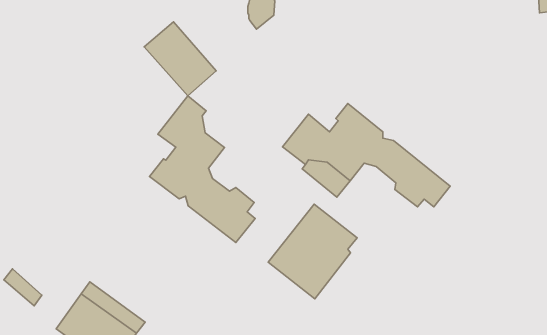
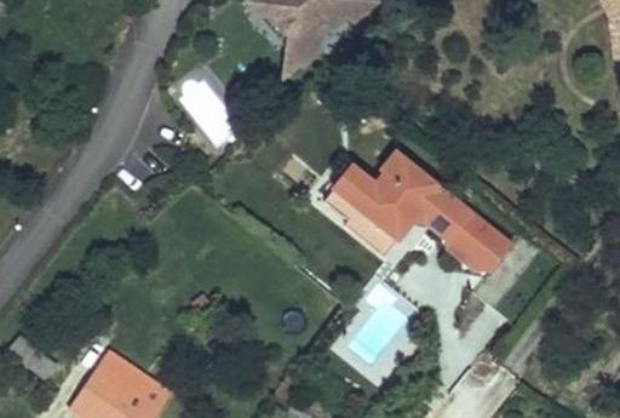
building: [150,96,255,242] -> none
building: [268,204,357,299] -> none

